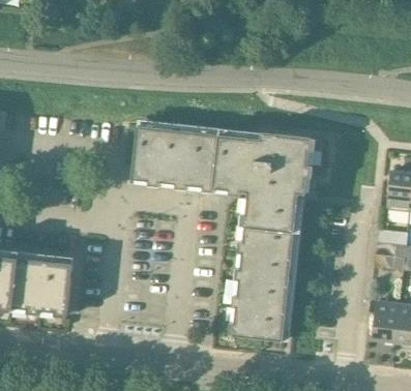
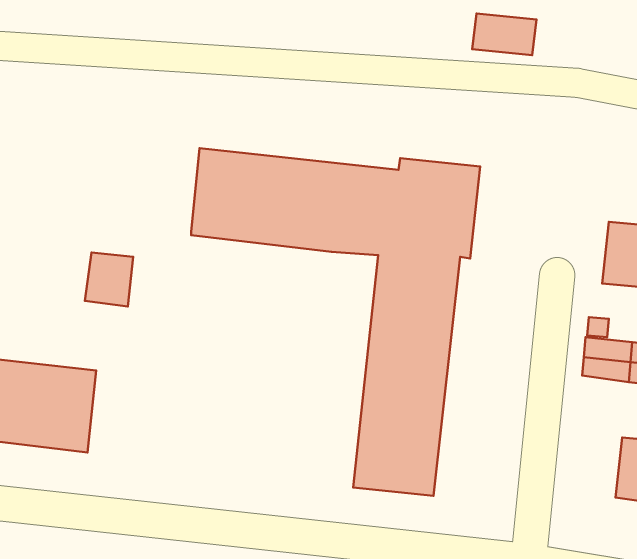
building: none -> [472,13,536,55]
building: none -> [85,253,133,307]
building: [373,301,400,341] -> none

